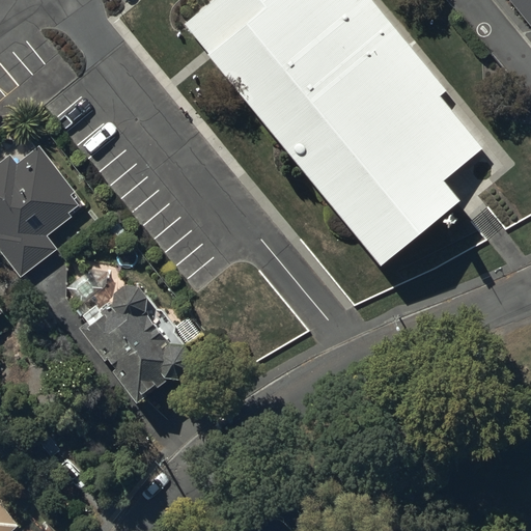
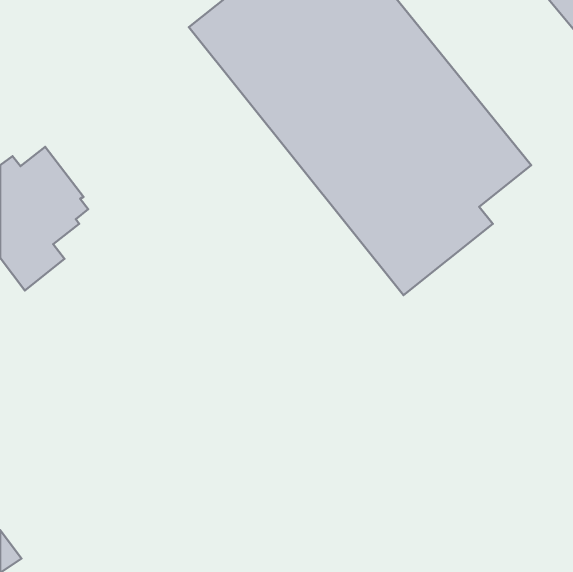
building: [87,264,194,382] -> none

